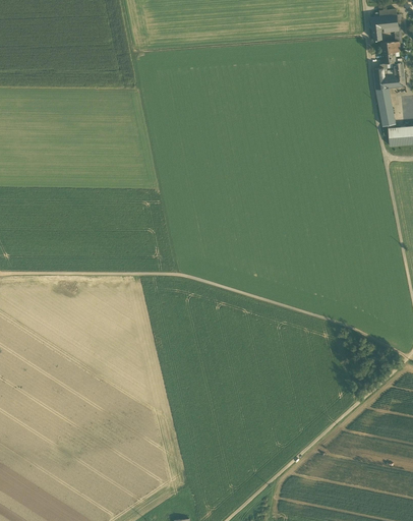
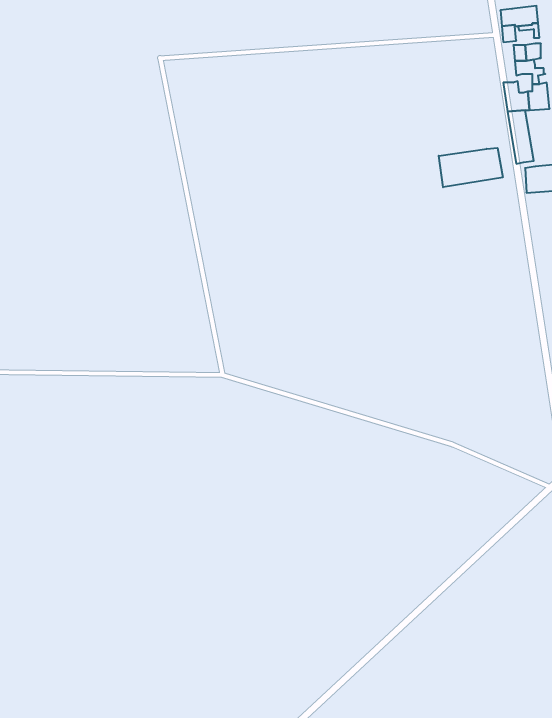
building: none -> [439,148,503,187]

